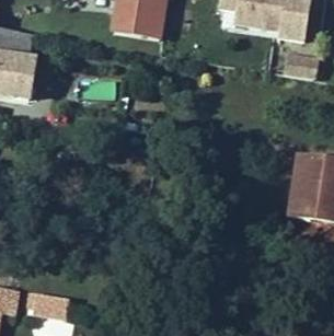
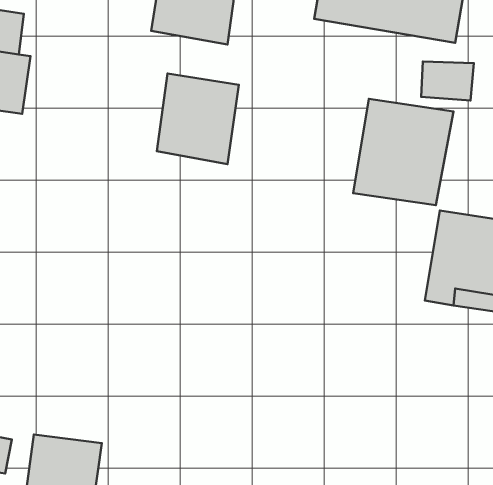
building: none -> [157,74,239,164]
building: none -> [353,99,453,205]

